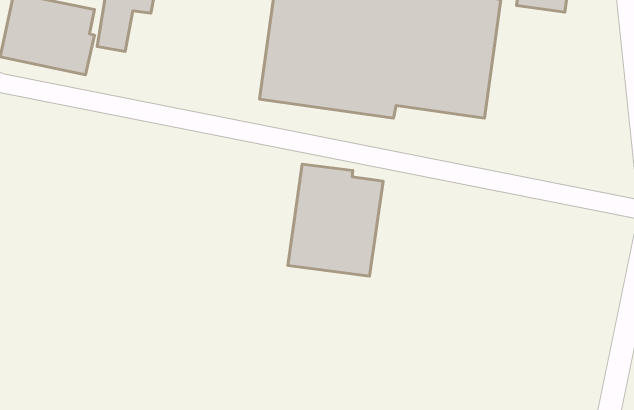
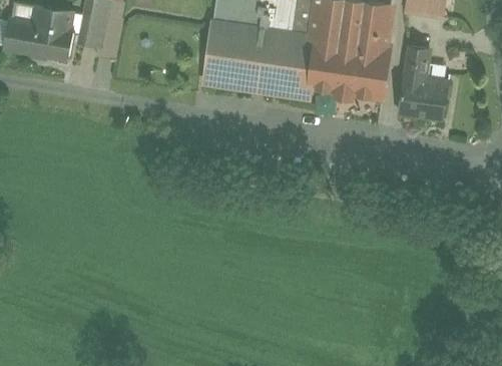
building: none -> [394,39,448,120]
building: [288,164,383,276] -> none

